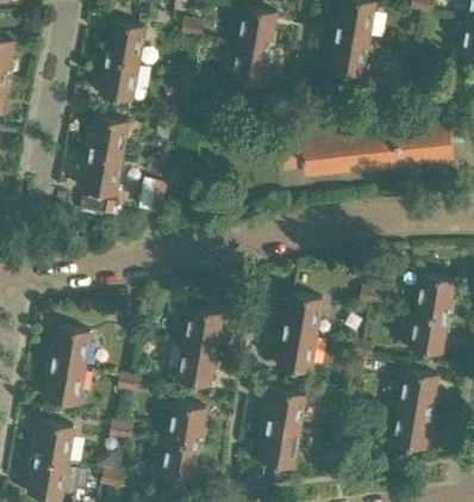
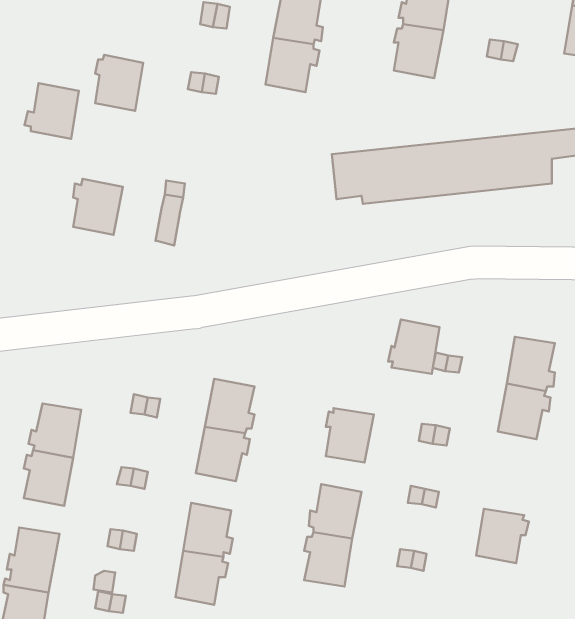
building: [104,25,144,67] -> none
building: [86,119,127,162] -> [25,83,79,139]
building: [281,296,320,337] -> [388,320,439,374]
building: [399,373,437,415] -> none

